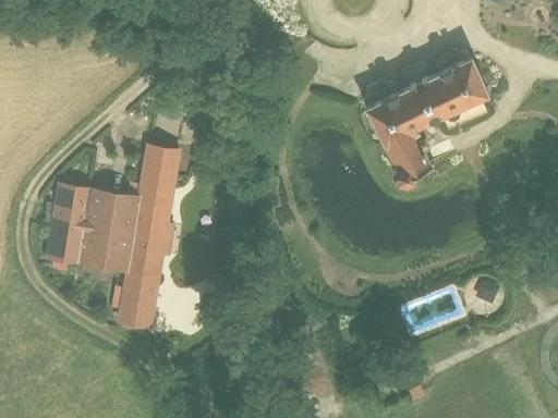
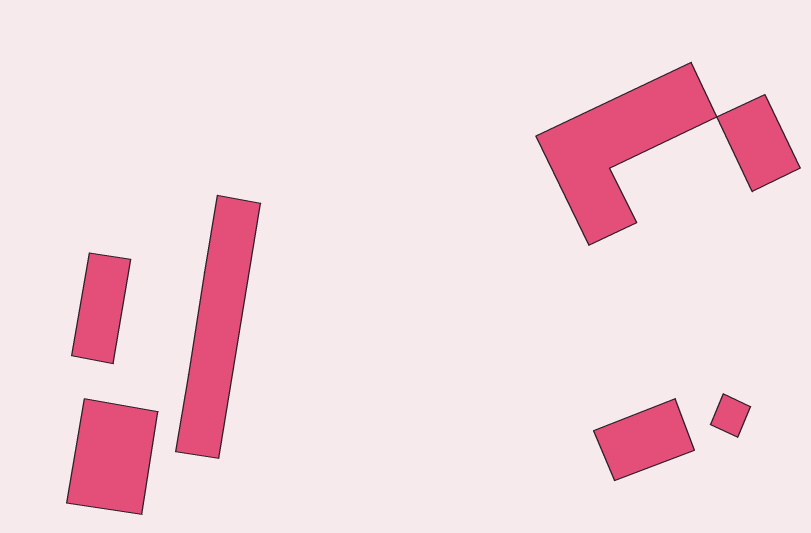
building: none -> [717,95,800,192]
building: [77,190,140,269] -> [67,399,158,514]

